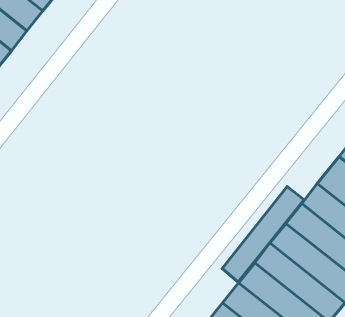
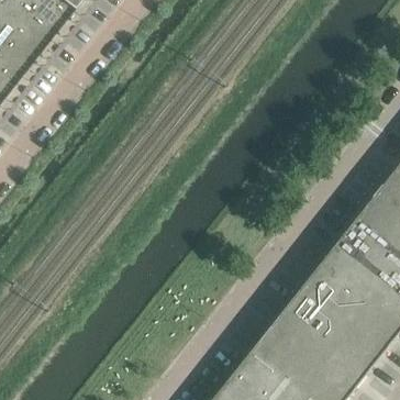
building: [222,187,304,282] -> none

